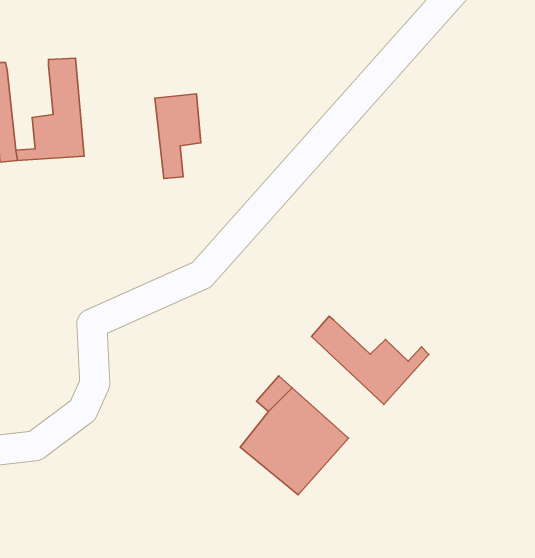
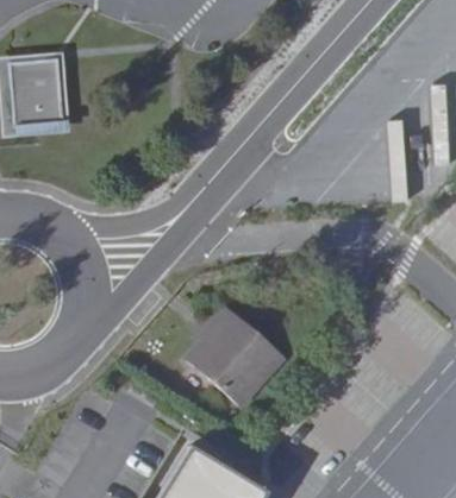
building: [155,94,201,178] -> [6,58,43,126]
building: [312,316,429,405] -> none

